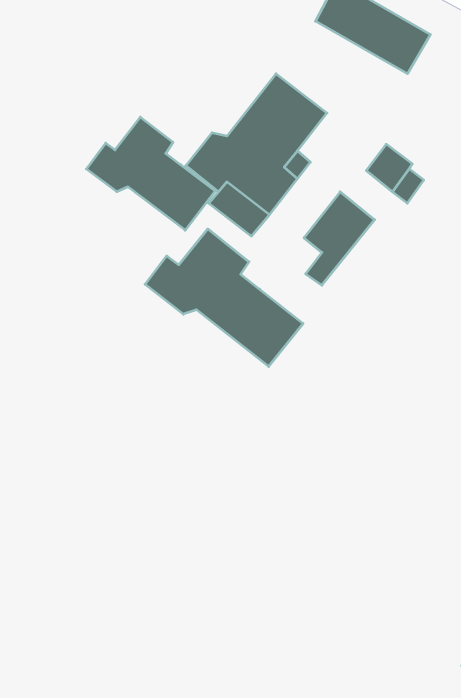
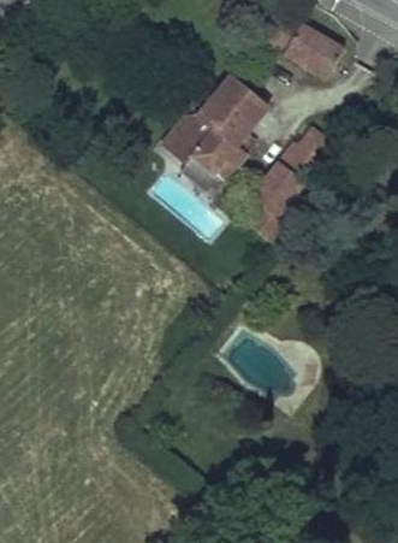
building: [86,117,215,230] -> none
building: [145,229,303,367] -> none

